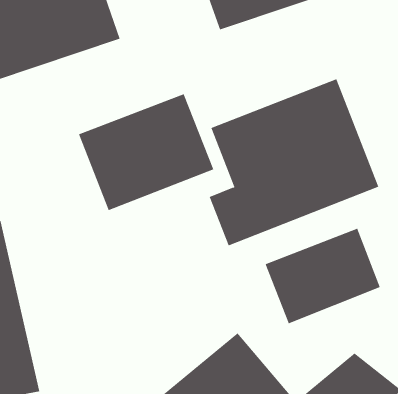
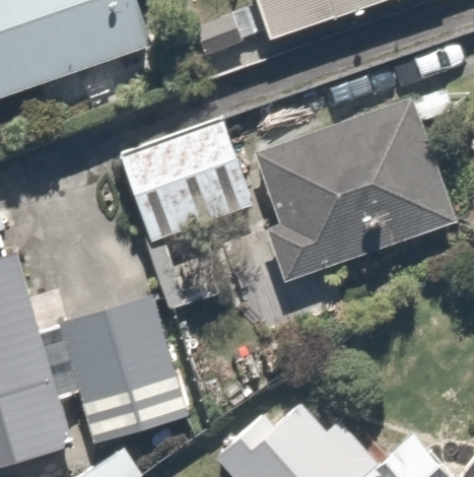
building: [265,228,381,324] -> none
building: none -> [41,310,166,450]

